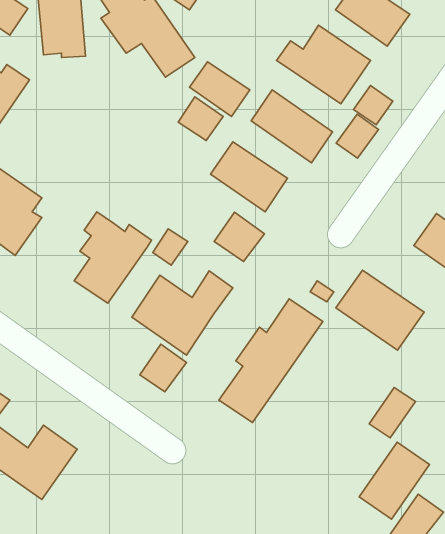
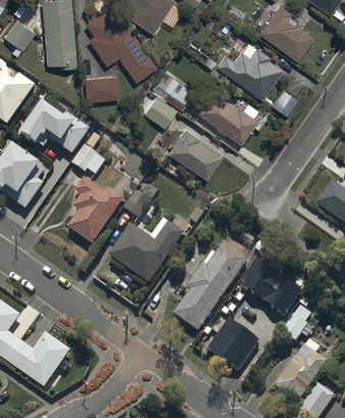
building: none -> [83,76,118,102]
building: none -> [18,98,89,154]
building: [336,114,378,158] -> none
building: none -> [71,145,105,178]
building: [214,212,265,262] -> none
building: [336,270,424,350] -> [238,257,302,315]
building: [140,344,186,392] -> none
building: none -> [206,316,259,369]

